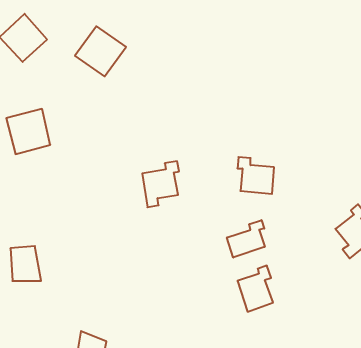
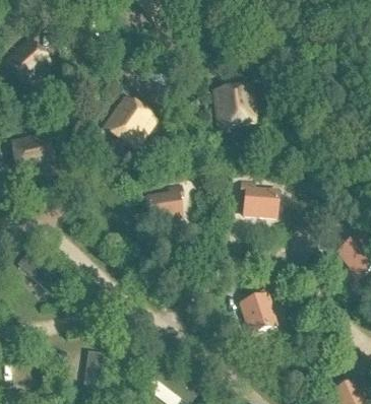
building: [75,26,126,76] -> [106,94,157,144]
building: none -> [217,82,256,122]
building: [227,220,265,258] -> none

